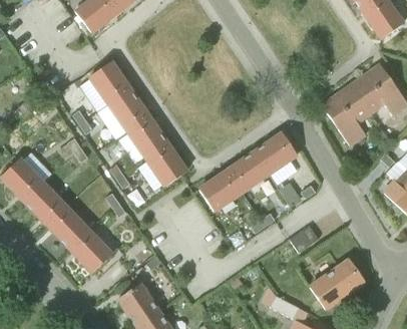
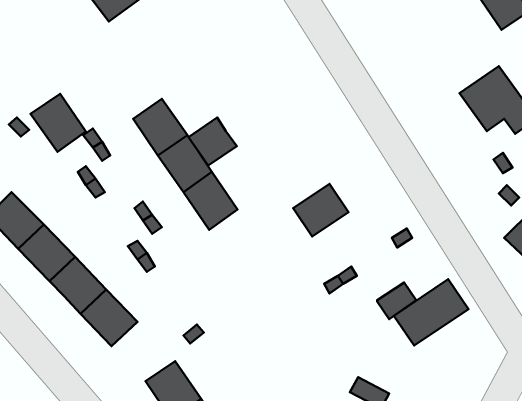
building: [89,60,130,103] -> [30,94,86,152]
building: [322,84,371,144] -> none
building: none -> [189,117,237,166]
building: [255,132,297,173] -> none
building: [199,170,242,210] -> none
building: [310,259,365,308] -> [394,279,468,346]

